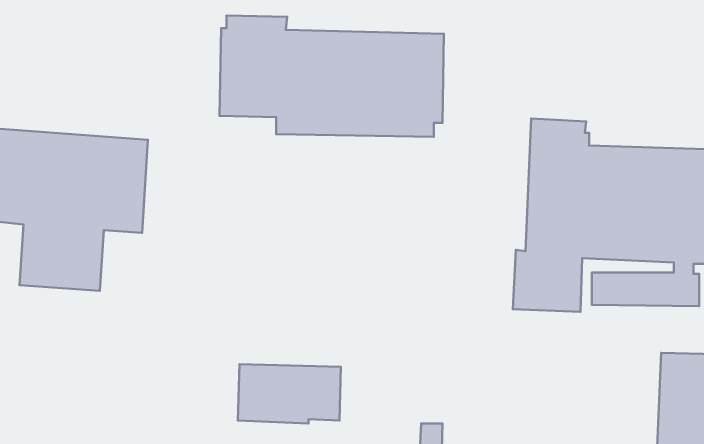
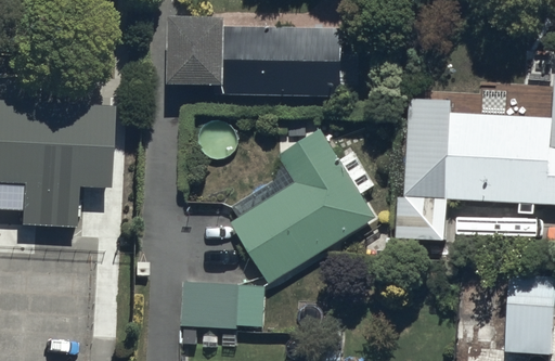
building: none -> [231,128,376,283]

